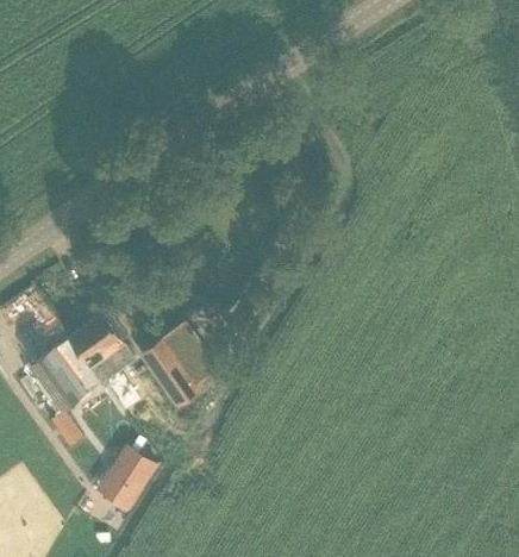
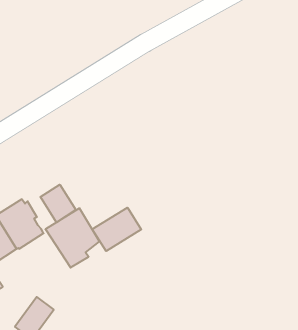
building: none -> [40,185,76,222]
building: none -> [92,208,141,251]

